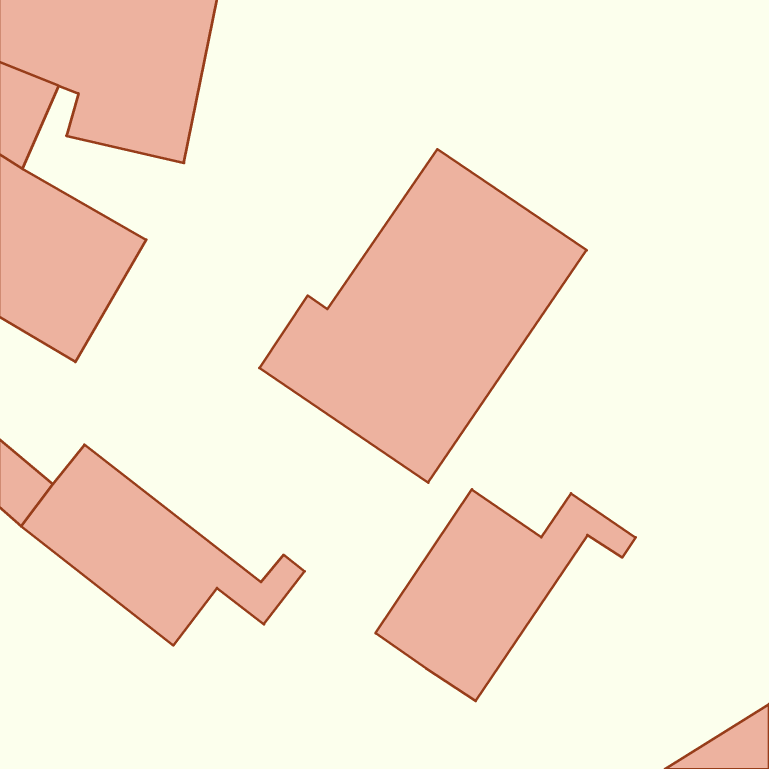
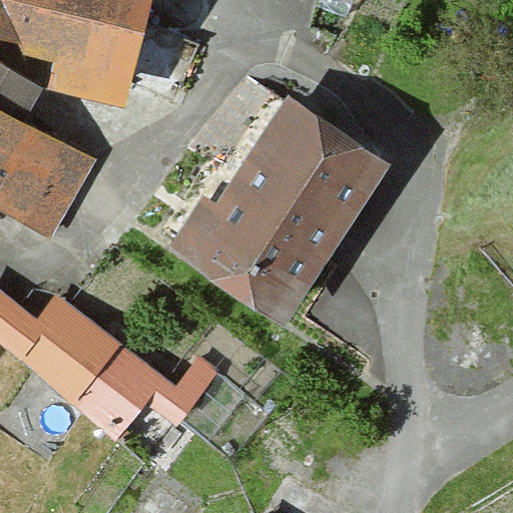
building: [376,489,636,701] -> none

